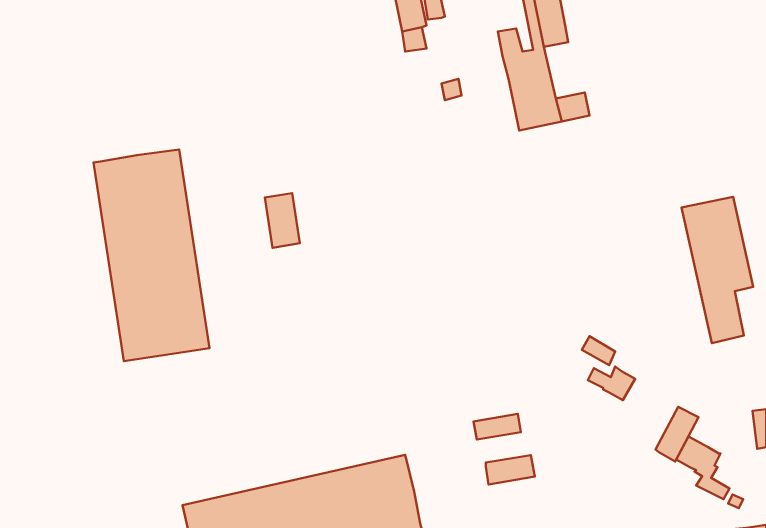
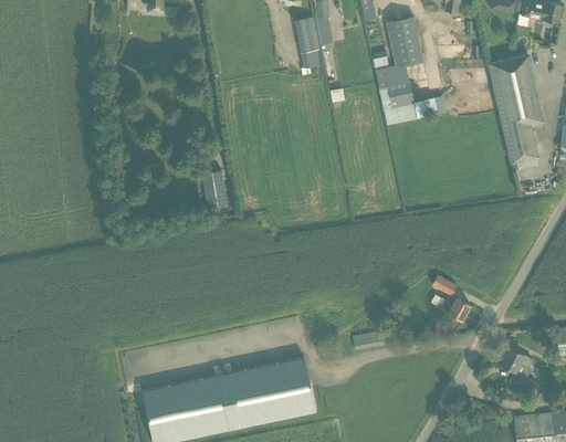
building: [94,149,209,361] -> none
building: [681,197,753,343] -> [490,53,542,159]
building: [655,407,698,461] -> none
building: [486,455,535,485] -> none

